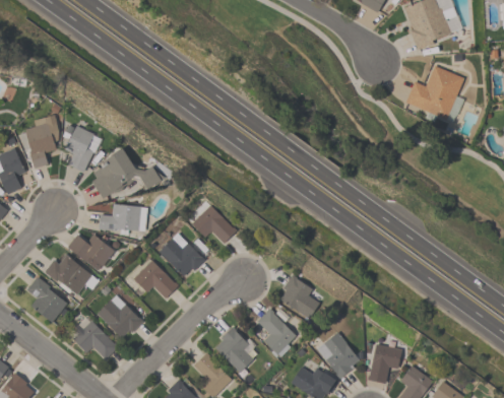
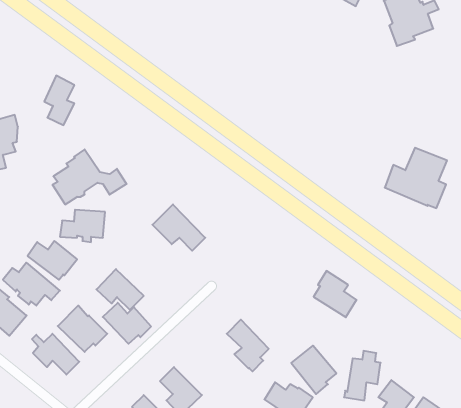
building: [405,65,464,122] -> [385,148,447,208]
building: [65,125,93,172] -> [44,76,74,125]
building: [159,238,204,276] -> [103,303,151,344]
building: [279,275,320,319] -> [314,271,357,317]
building: [215,326,253,373] -> none

